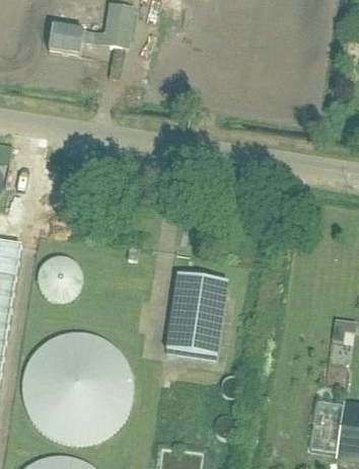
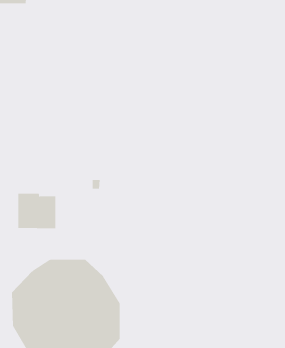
building: [162,271,226,358] -> none

